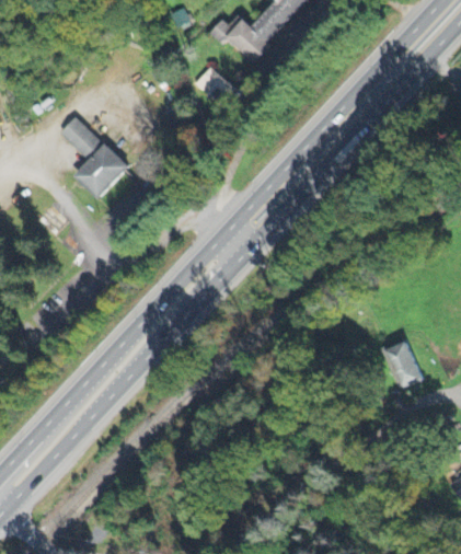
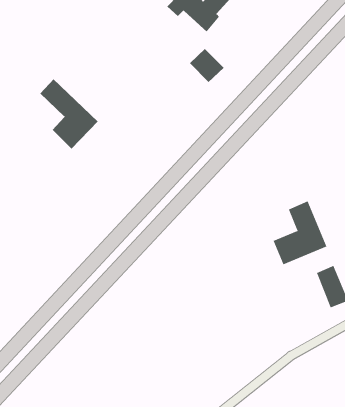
building: [192,66,233,106] -> [189,48,224,83]
building: none -> [273,200,327,265]

